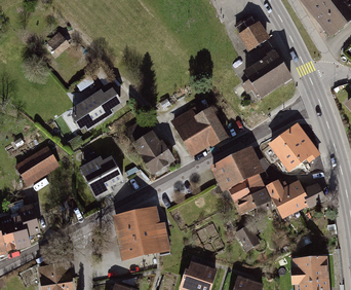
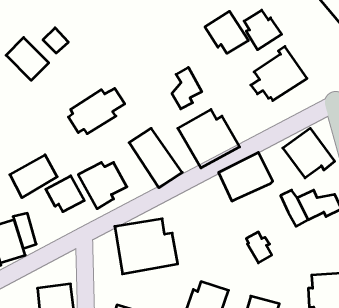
building: none -> [205,11,248,53]
building: none -> [6,37,49,80]
building: none -> [172,67,202,109]
building: none -> [46,176,84,212]
building: [226,173,274,214] -> none

